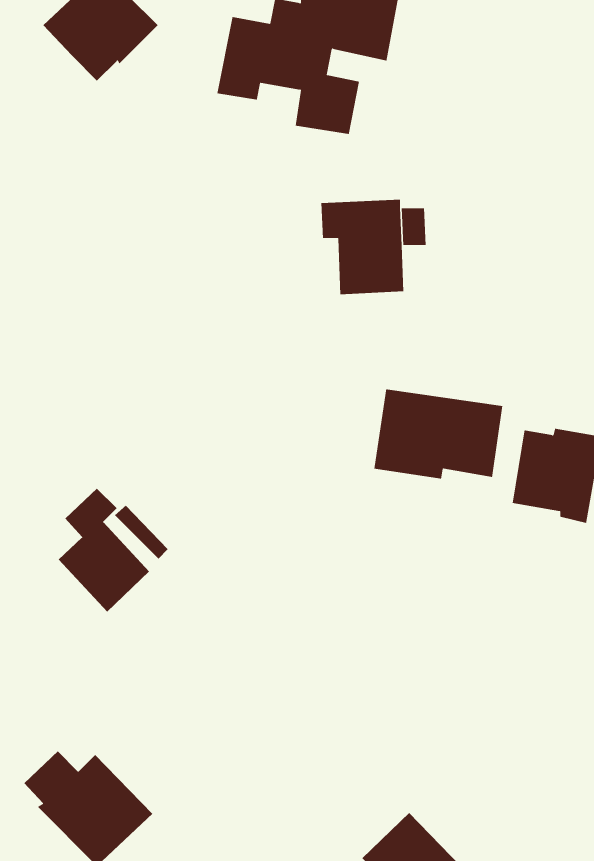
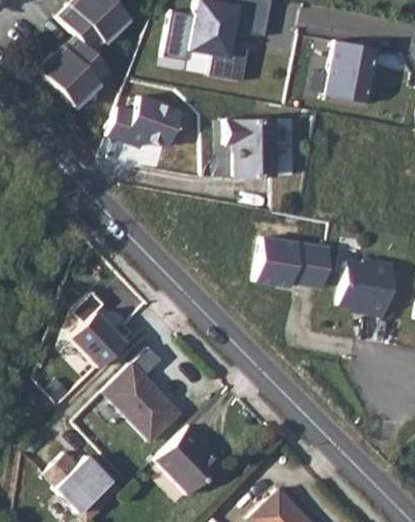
building: none -> [39,35,109,106]
building: none -> [325,41,378,105]
building: none -> [111,94,188,149]
building: none -> [103,349,180,441]
building: none -> [155,427,219,494]

